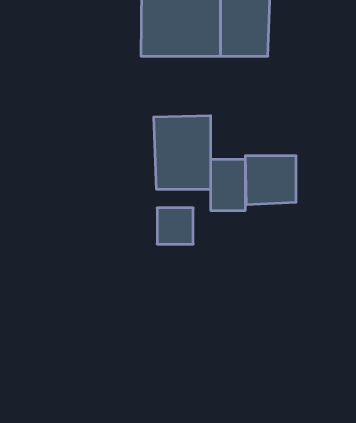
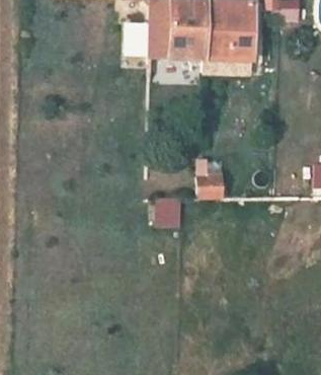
building: [154,116,211,189] -> none
building: [245,156,296,205] -> none

